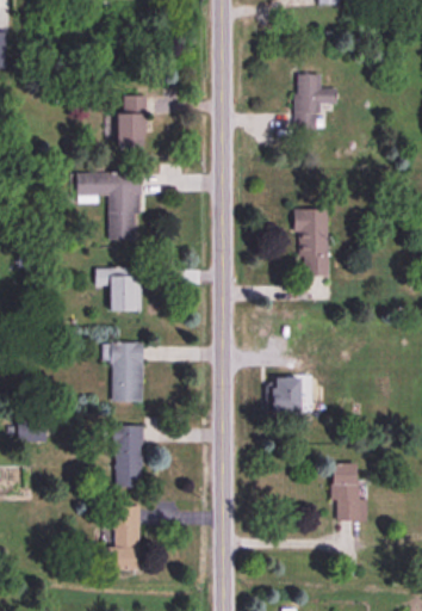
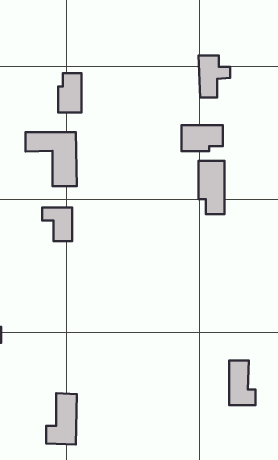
building: none -> [182,125,223,151]
building: [111,342,142,402] -> none
building: [272,378,300,414] -> none
building: [113,425,143,488] -> none

